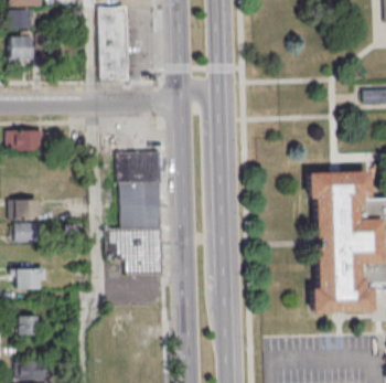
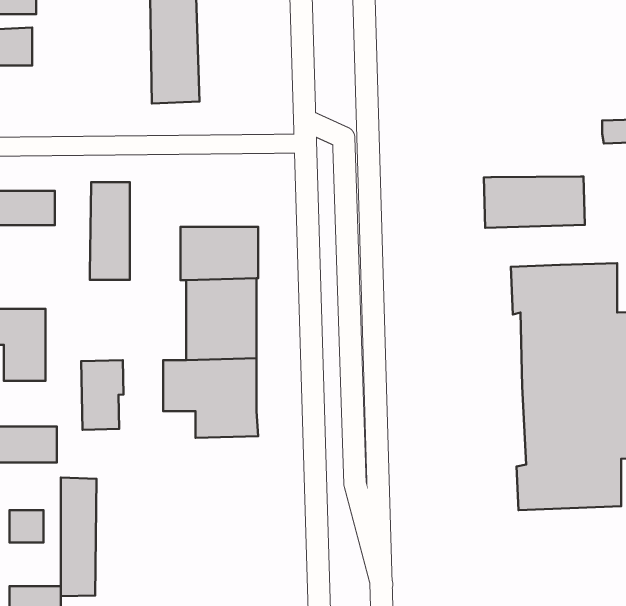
building: none -> [484,176,585,228]
building: none -> [90,182,130,280]
building: none -> [81,360,123,430]
building: none -> [61,478,97,596]

